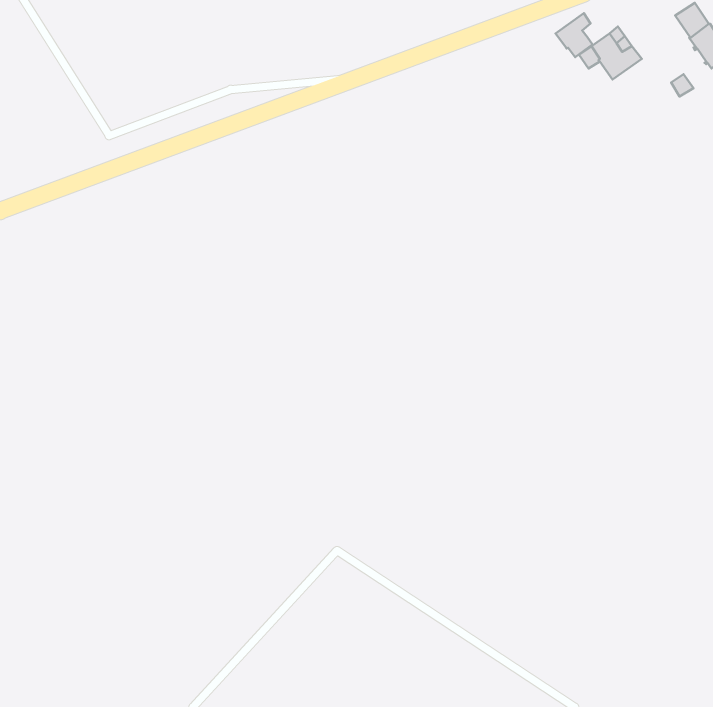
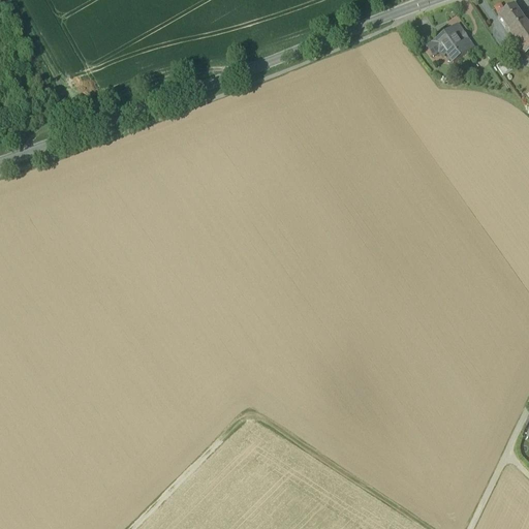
building: [556,13,592,57] -> none

